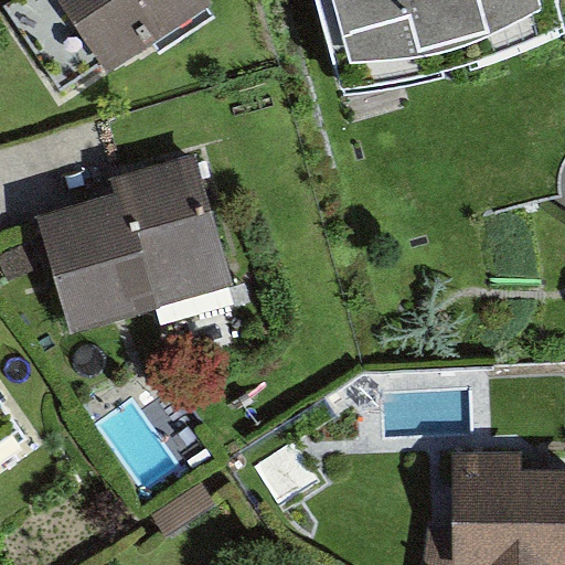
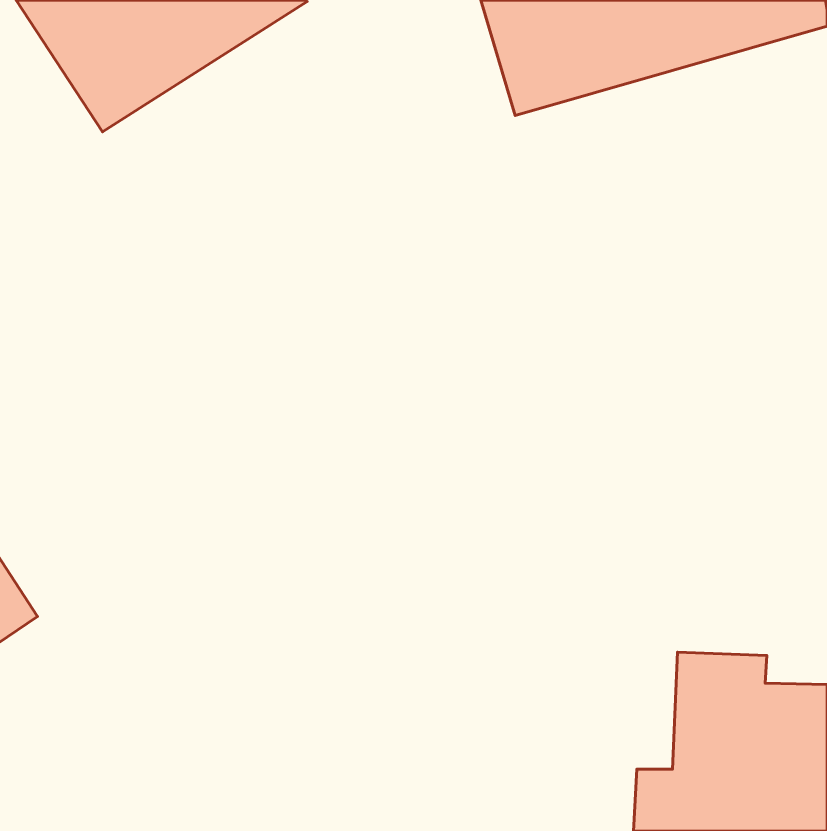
building: [47,149,231,323] -> none

